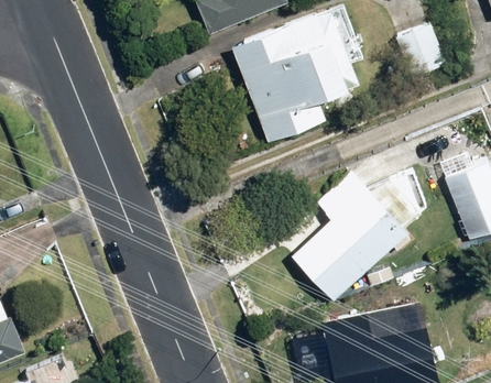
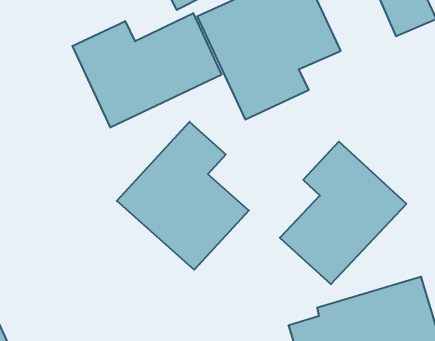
building: none -> [72,13,222,128]
building: none -> [117,122,249,270]

